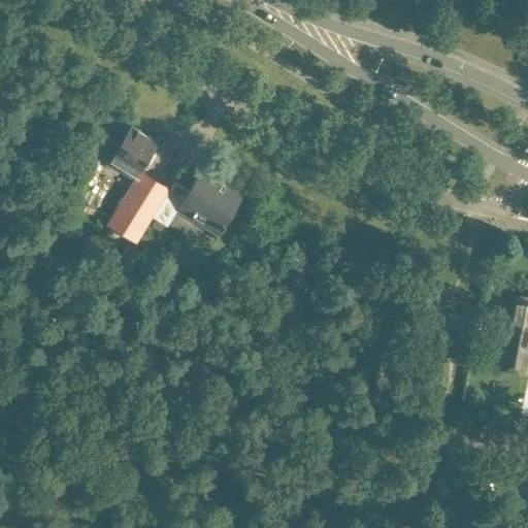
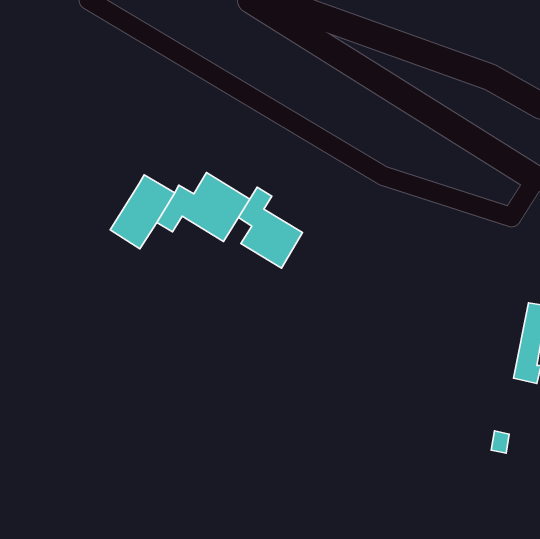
building: [109,127,159,182] -> none
building: none -> [238,187,303,268]

